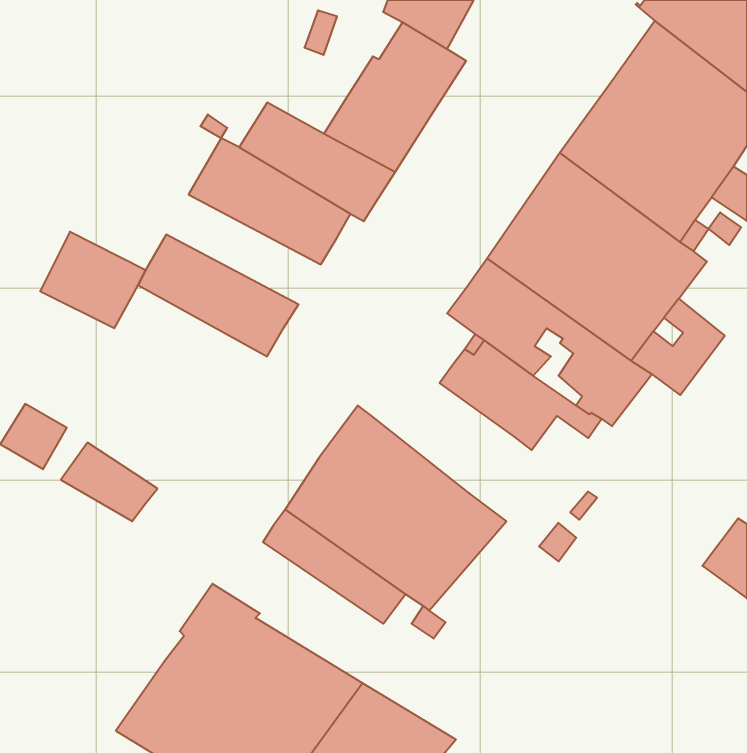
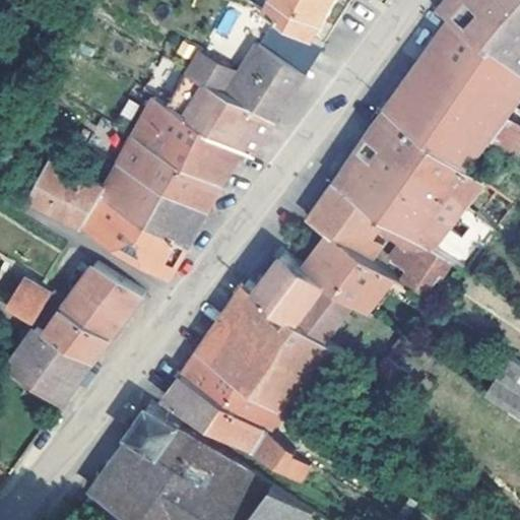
building: none -> [183,50,236,95]
building: none -> [114,137,219,212]
building: none -> [78,199,183,279]
building: none -> [253,252,351,341]
building: none -> [60,265,140,338]
building: none -> [6,327,90,402]
building: none -> [160,375,308,480]

